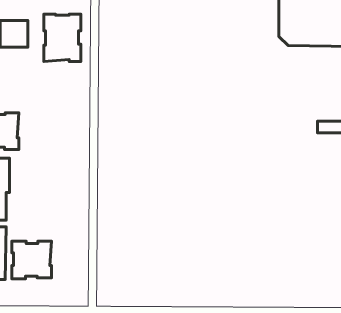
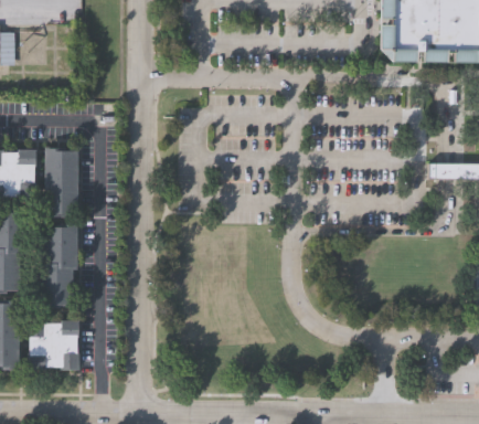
building: [44,14,81,62] -> none
building: none -> [45,149,79,218]
building: none -> [41,225,79,309]

